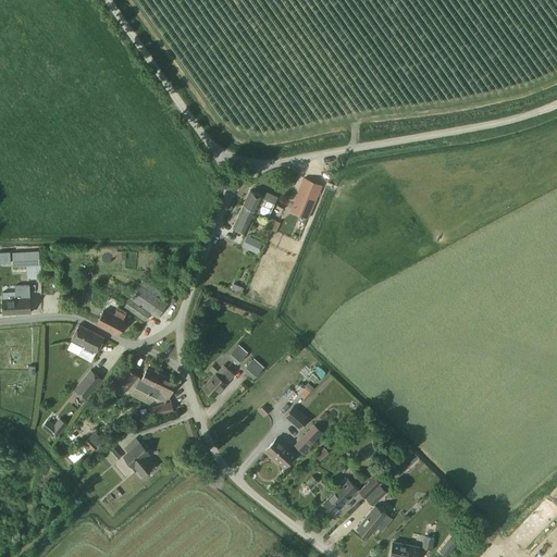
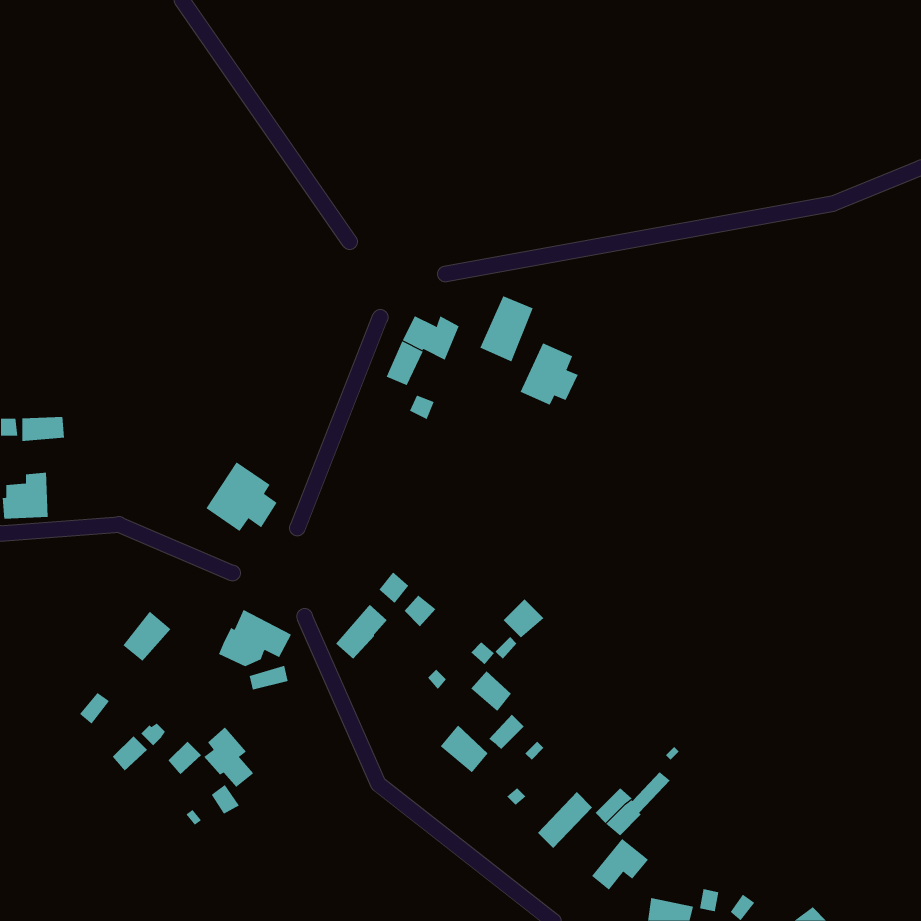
building: none -> [520,342,578,405]
building: [96,309,126,334] -> none
building: [71,324,104,361] -> none

